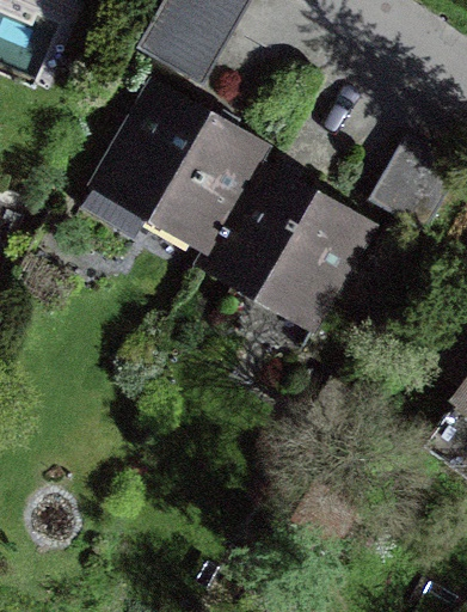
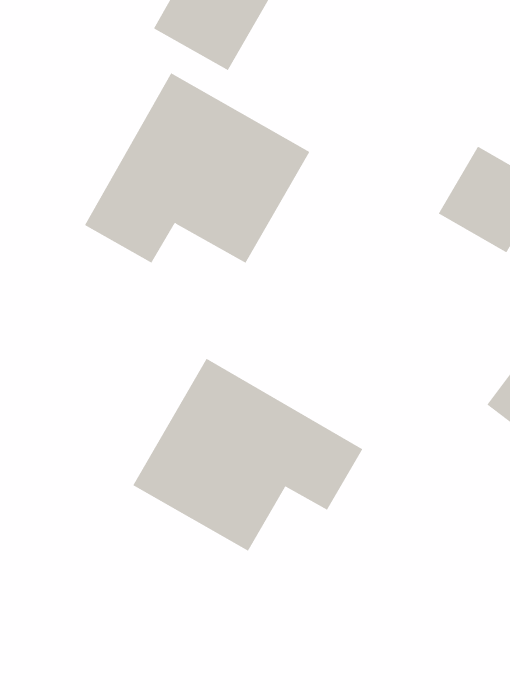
building: [213,147,379,318] -> none
building: none -> [132,358,363,551]

